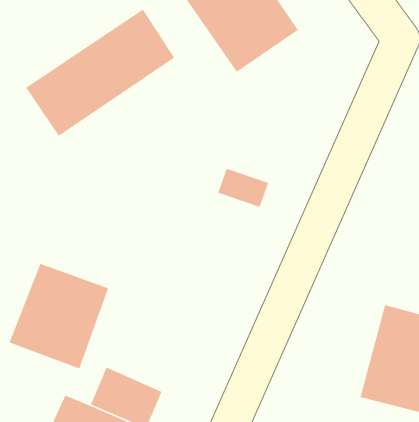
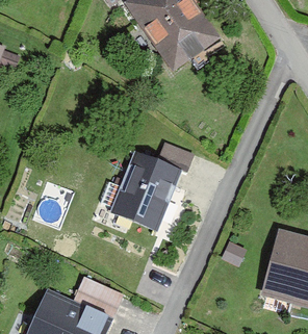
building: [25,9,175,137] -> none
building: [9,263,109,369] -> [109,156,180,231]

